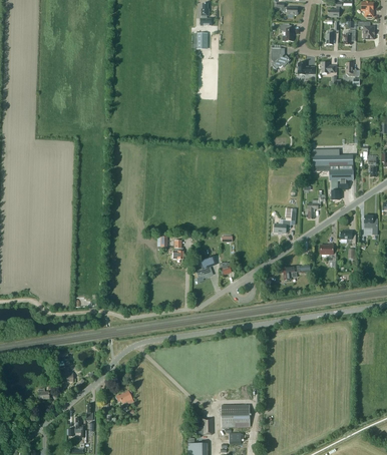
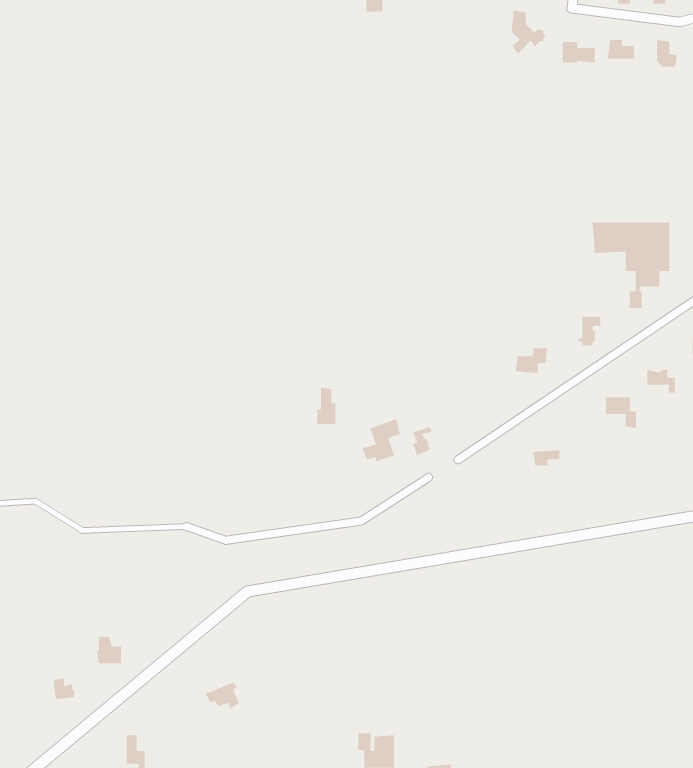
building: [222,404,250,427] -> none

